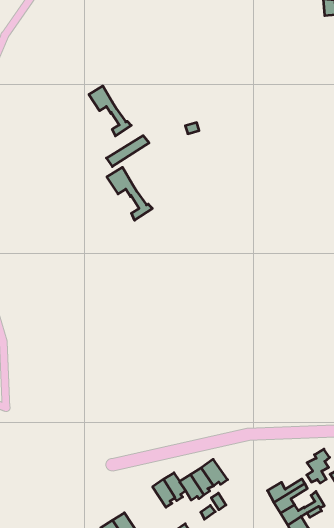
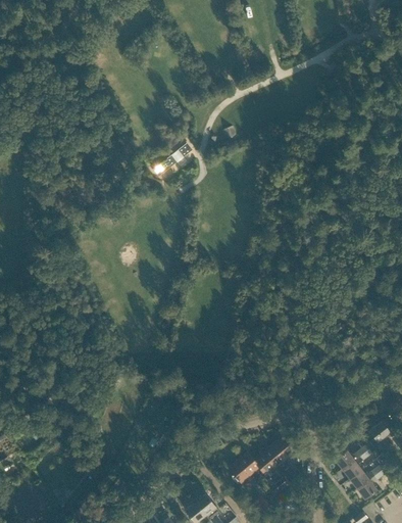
building: [89,86,131,136] -> none
building: [107,167,152,220] -> none

